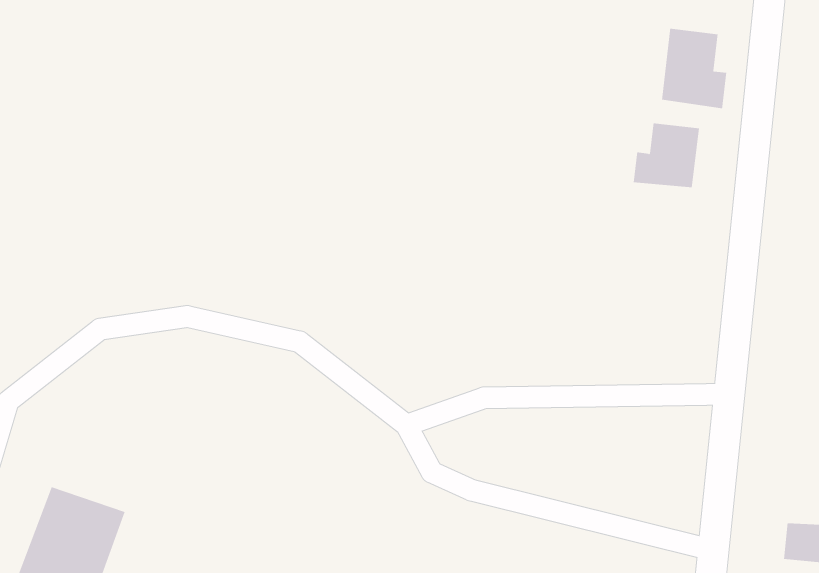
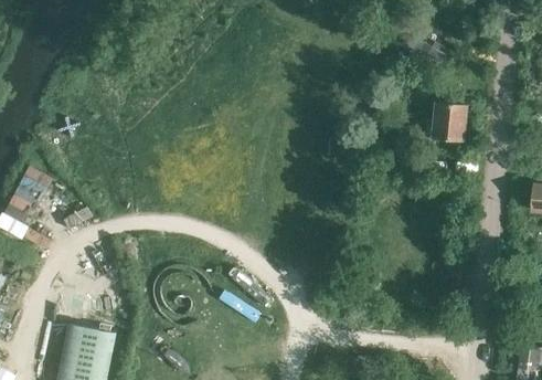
building: [662,28,727,109] -> none

